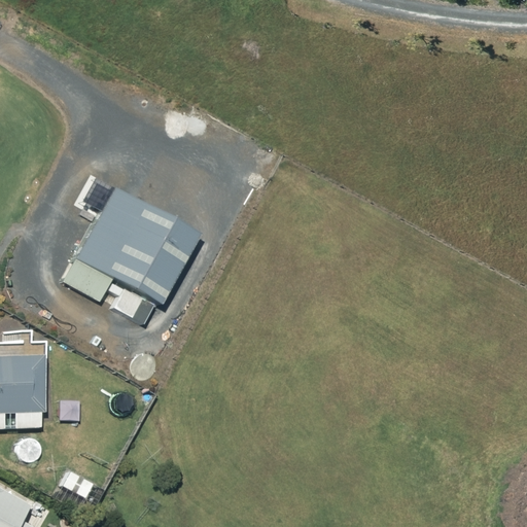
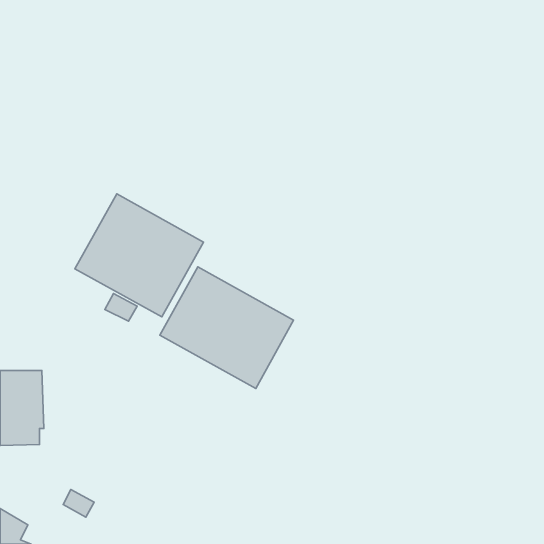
building: none -> [160,267,294,389]

